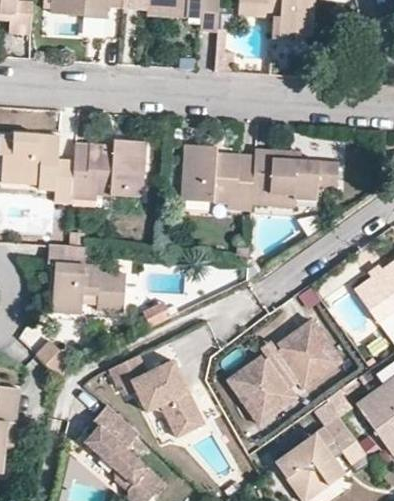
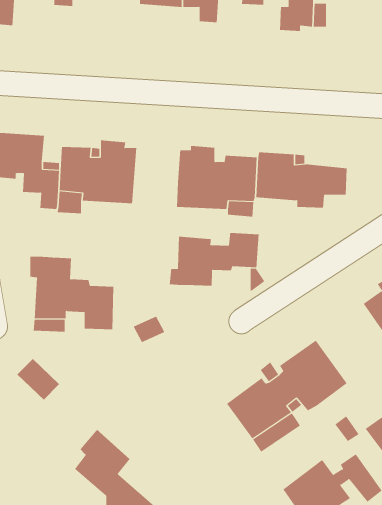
building: none -> [169,232,259,287]
building: [111,353,206,441] -> none

